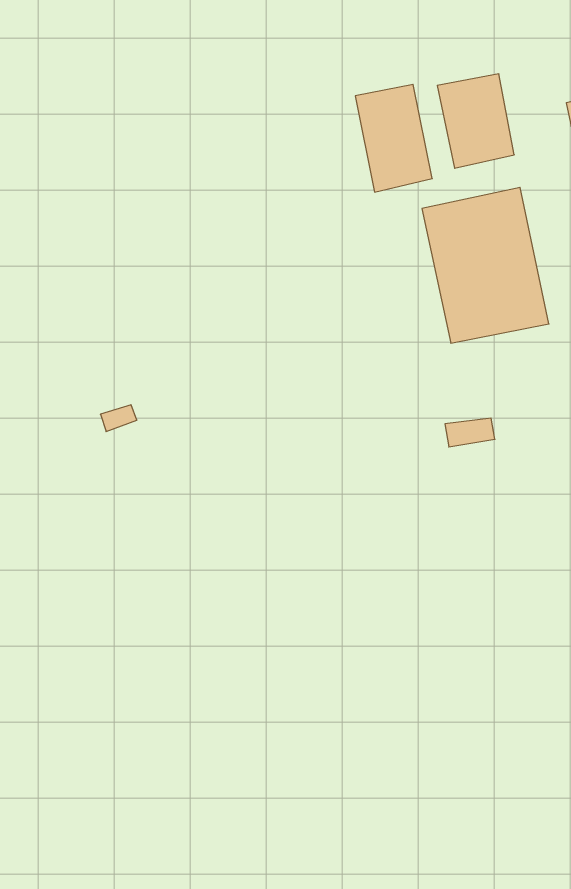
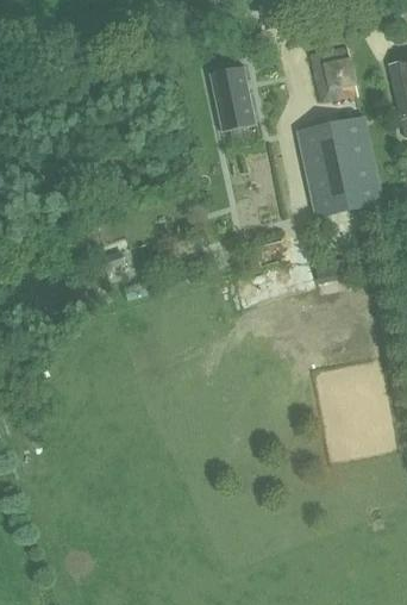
building: [355,84,432,192] -> [208,66,256,132]

